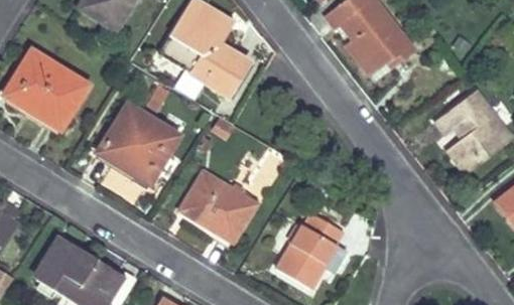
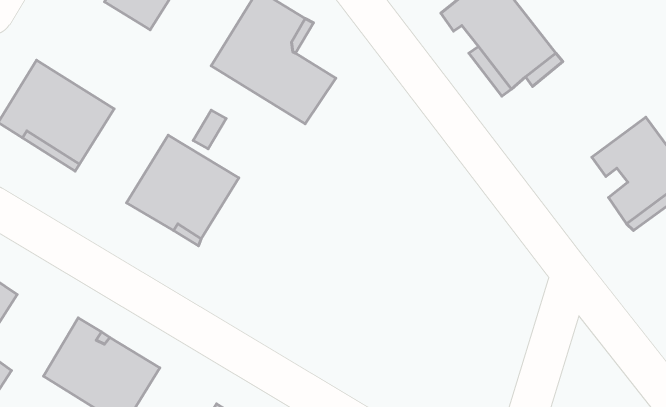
building: [180,171,257,240] -> none
building: [276,210,347,288] -> none

